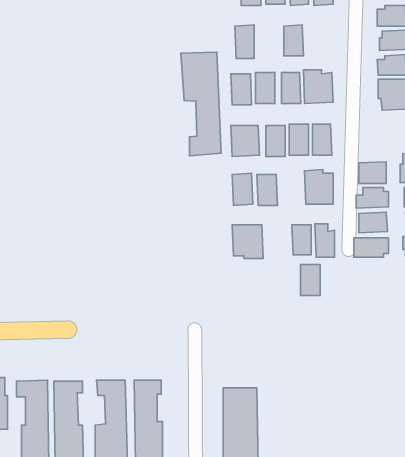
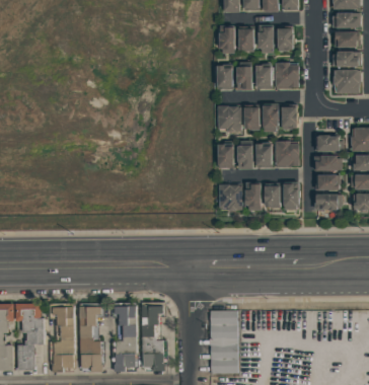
building: none -> [240,27,256,52]
building: none -> [279,27,295,52]
building: [181,52,221,156] -> none
building: none -> [256,144,273,168]
building: [301,264,320,295] -> [246,183,262,208]

